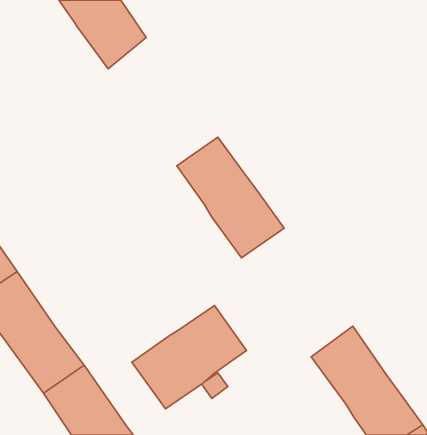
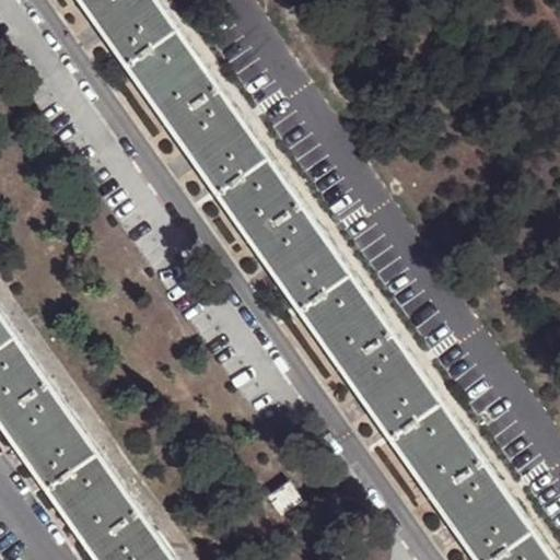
building: none -> [139,48,280,213]
building: none -> [311,293,454,458]
building: [132,305,247,409] -> none

